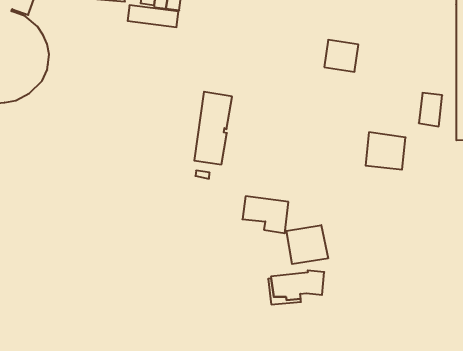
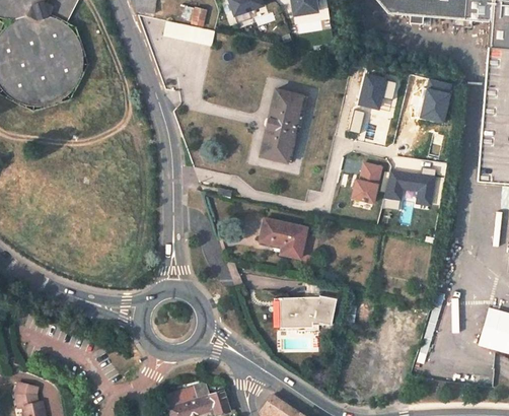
building: [194,92,232,164] -> [262,88,304,161]
building: [419,93,442,126] -> [417,81,442,116]
building: none -> [348,156,377,202]
building: [286,225,328,264] -> none

